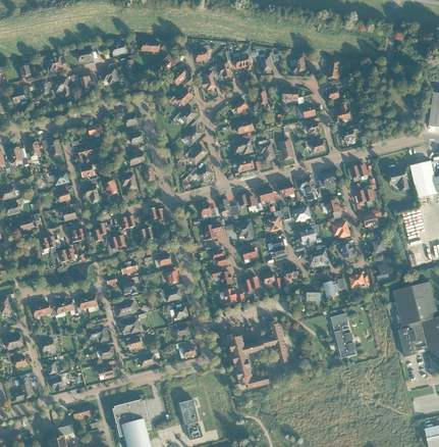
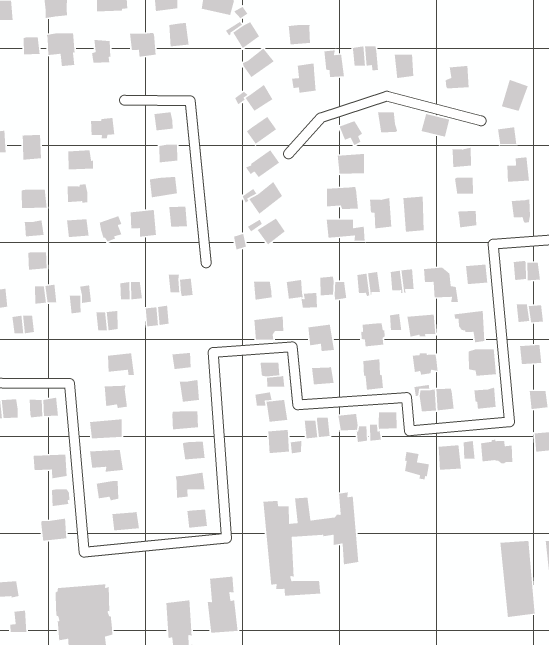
building: [328,312,356,360] -> [499,540,536,618]
building: none -> [207,576,239,634]

